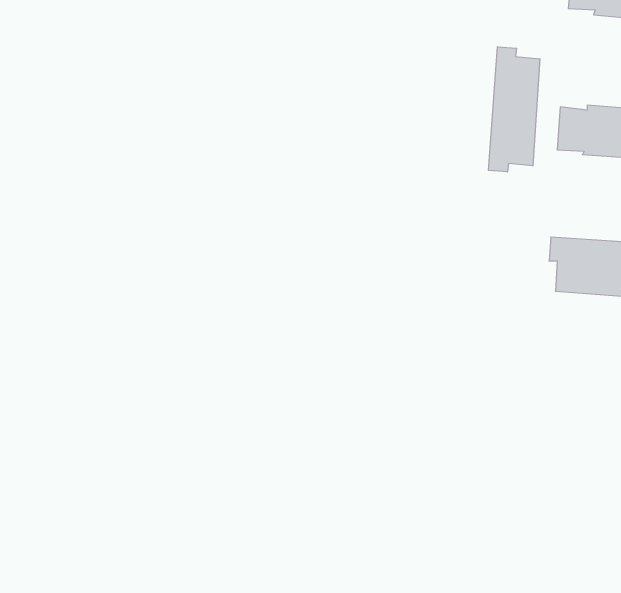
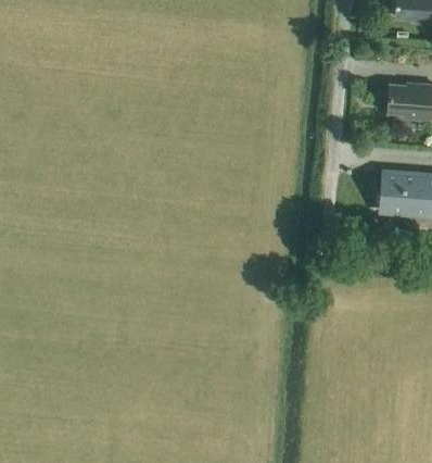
building: [488,47,540,172] -> none

